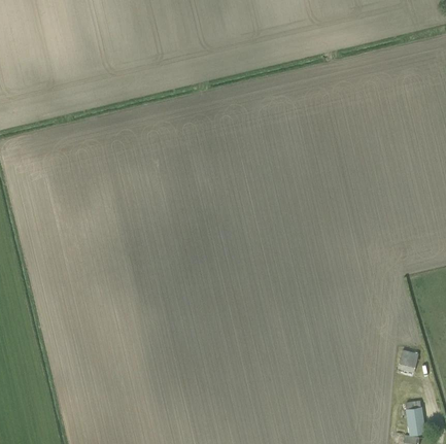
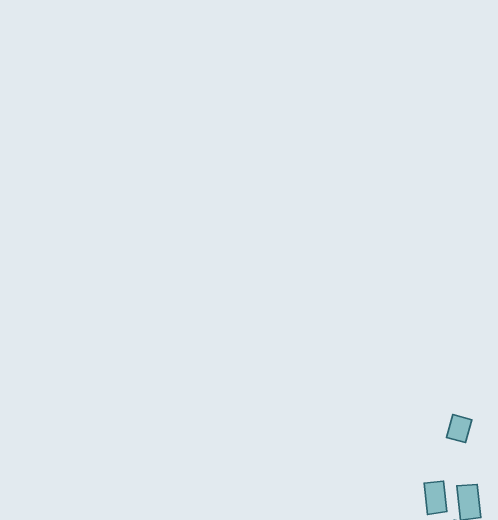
building: none -> [424,481,447,515]

